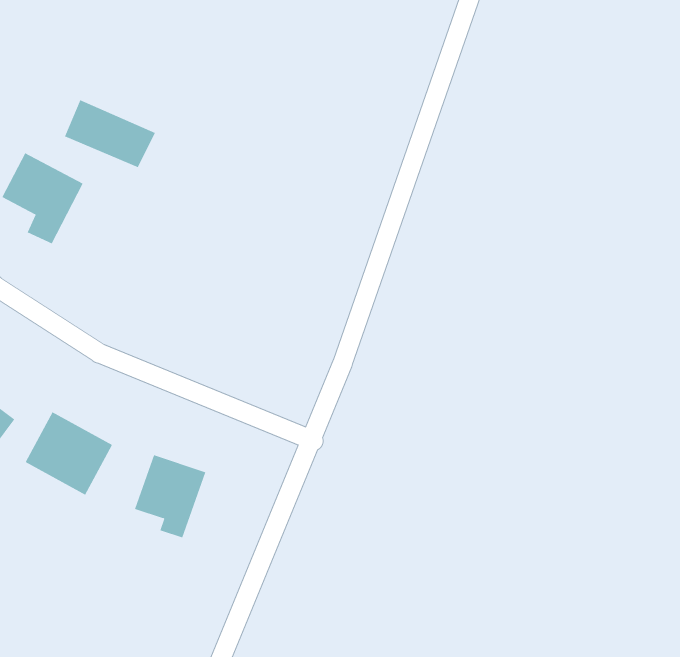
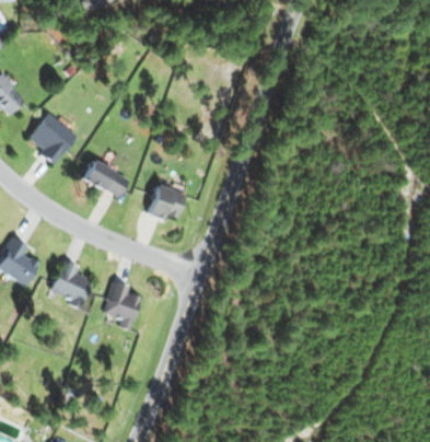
building: [64,100,156,168] -> [80,159,131,197]
building: none -> [148,185,185,221]

